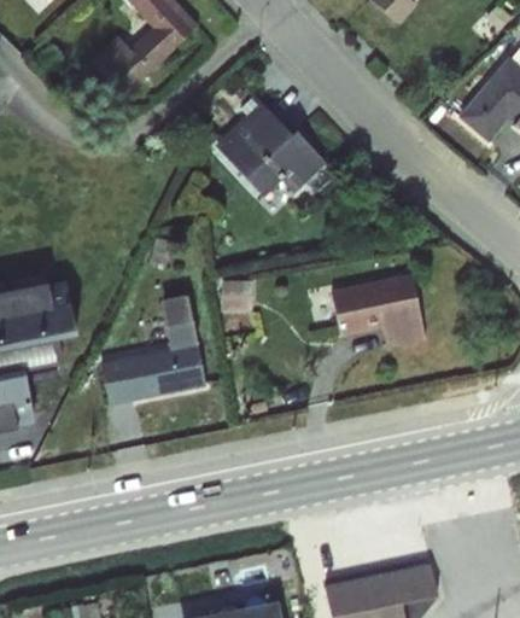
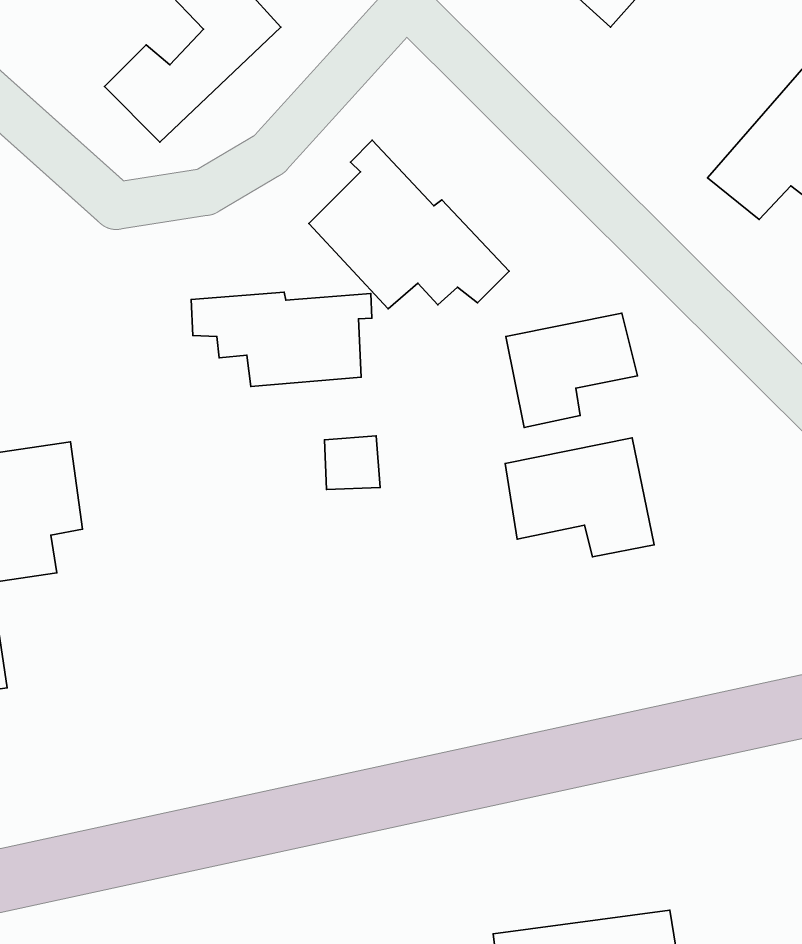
building: none -> [191,292,372,386]
building: none -> [506,313,638,427]
building: [100,290,210,404] -> none

